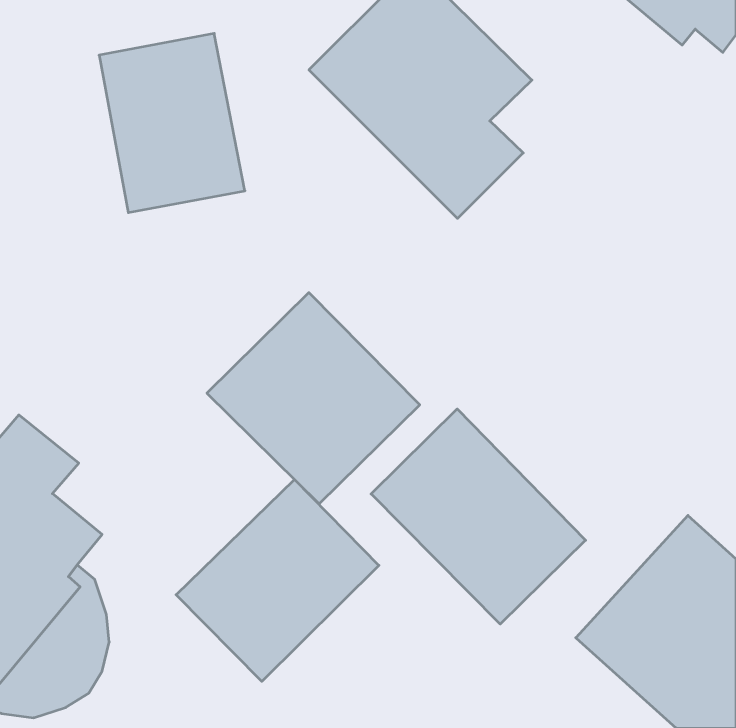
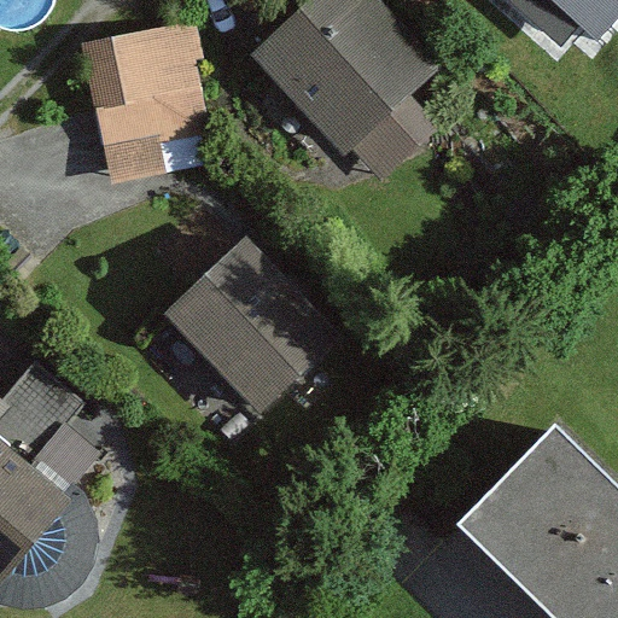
building: [371,409,586,624] -> none
building: [176,480,379,681] -> none

